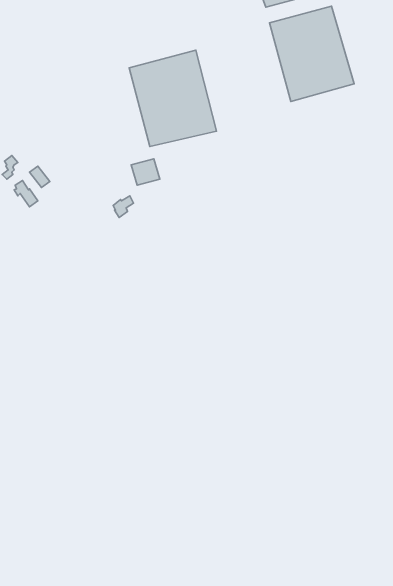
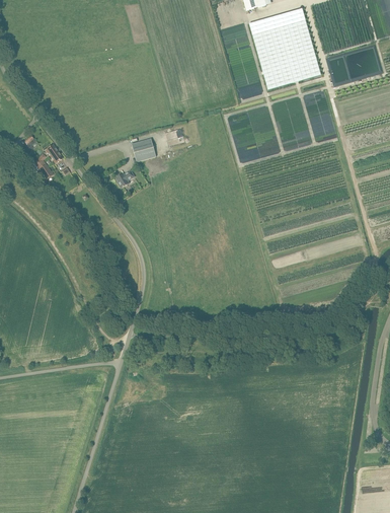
building: [129,50,216,147] -> none

